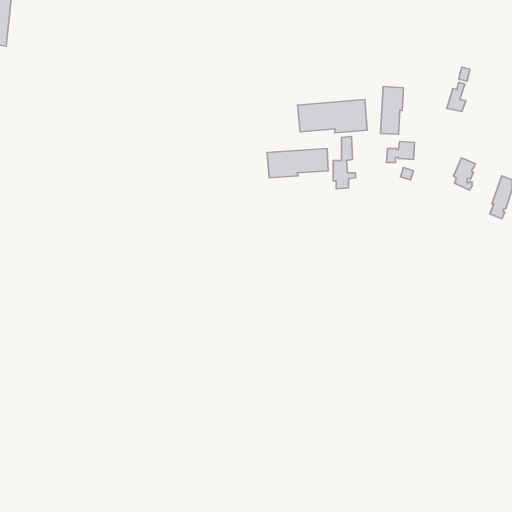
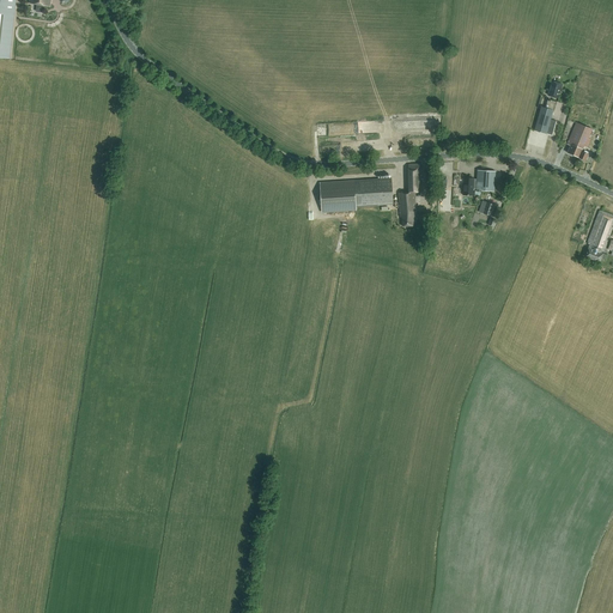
building: [380,86,404,134] -> none
building: [297,99,367,133] -> none
building: [453,158,475,190] -> [565,121,591,159]

